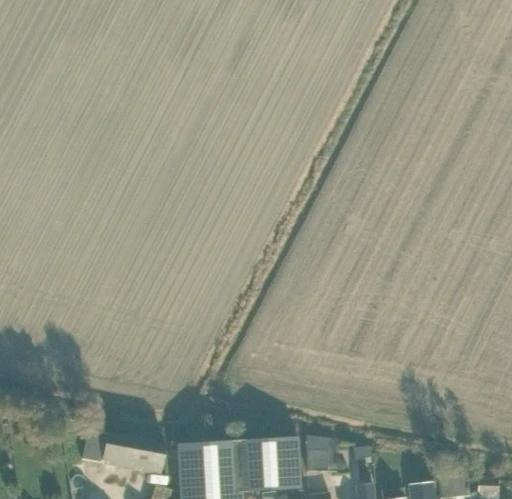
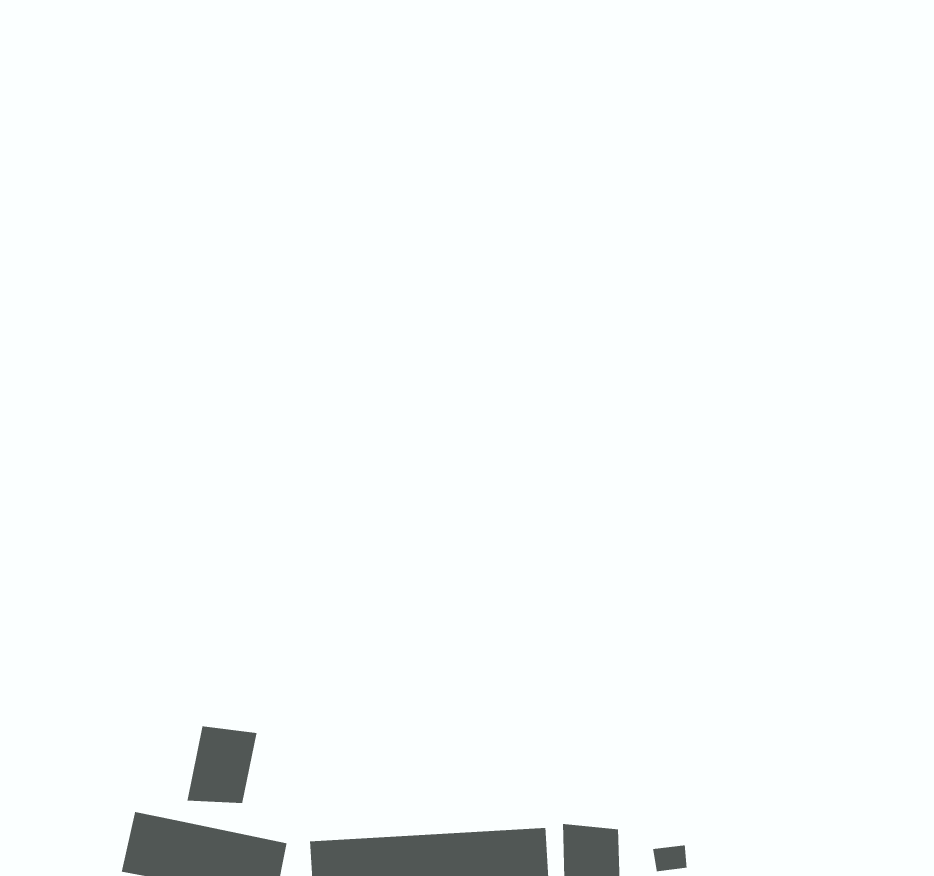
building: none -> [187,726,257,804]

